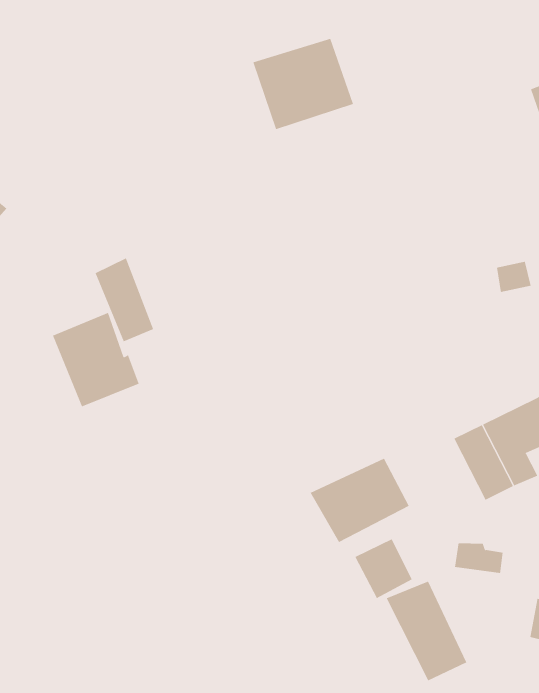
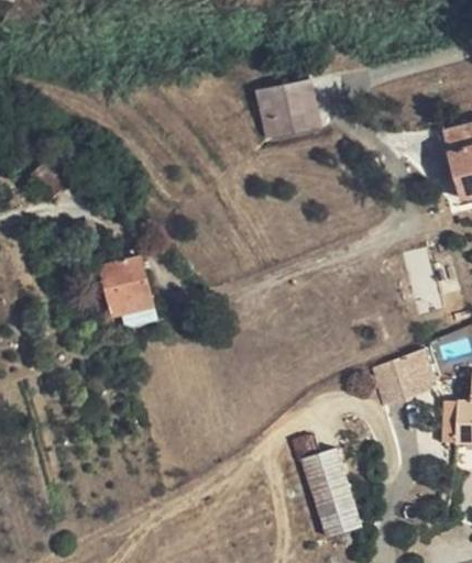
building: [95,258,154,342] -> none
building: [310,458,409,543] -> none

